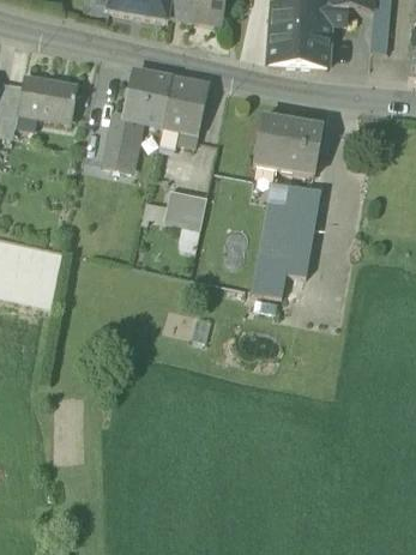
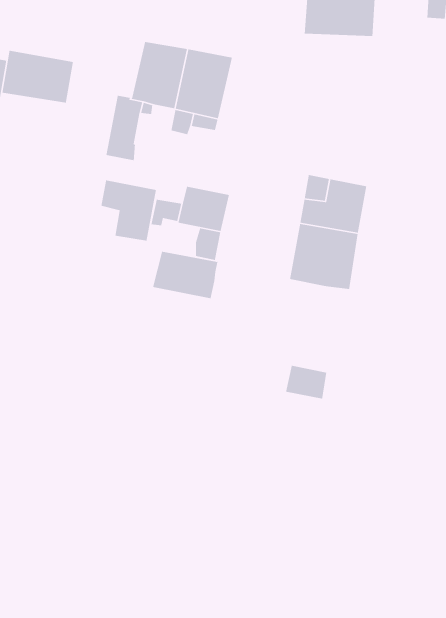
building: [254,116,322,174] -> none
building: none -> [100,179,157,242]
building: none -> [152,251,218,299]
building: [252,267,287,296] -> [285,365,327,399]

